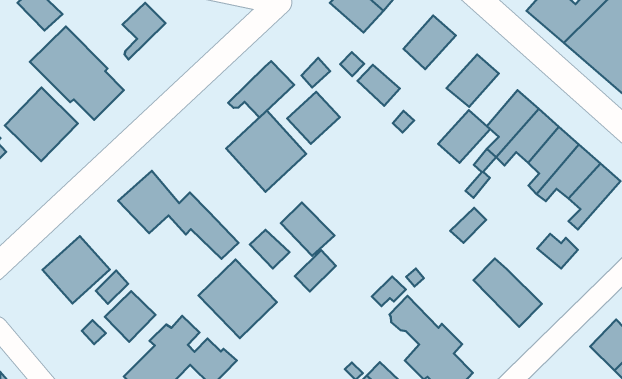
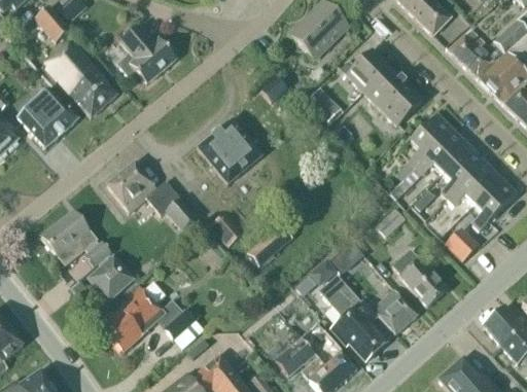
building: [228,61,294,117] -> [121,37,176,82]
building: [287,92,340,144] -> none
building: [438,110,490,163] -> [362,66,406,108]
building: [281,203,335,256] -> none
building: [198,259,277,338] -> none
building: none -> [372,288,417,333]

